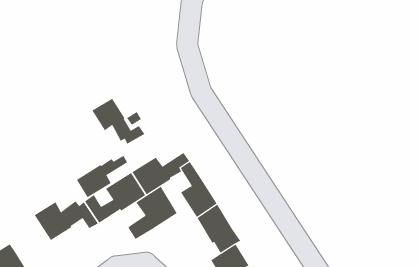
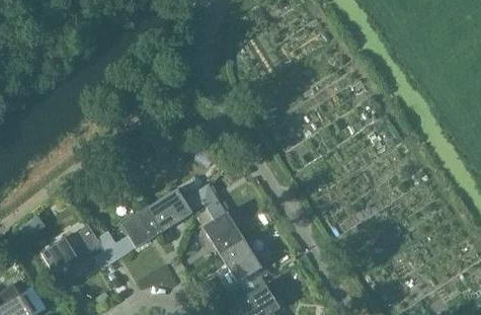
building: [92,98,145,144] -> none
building: [76,155,128,198] -> none
building: [127,186,177,240] -> none

